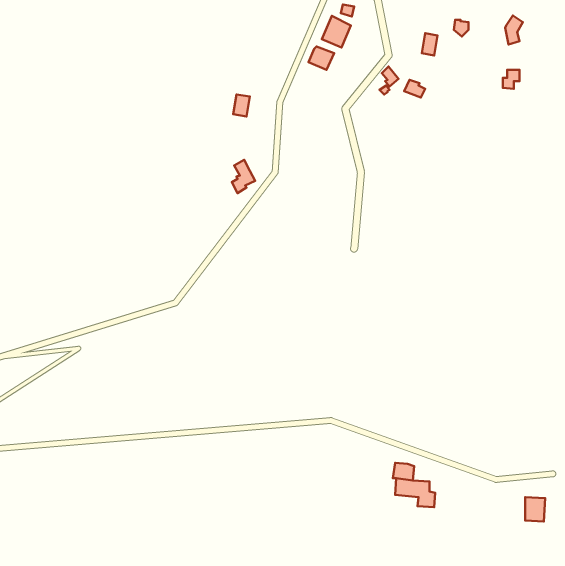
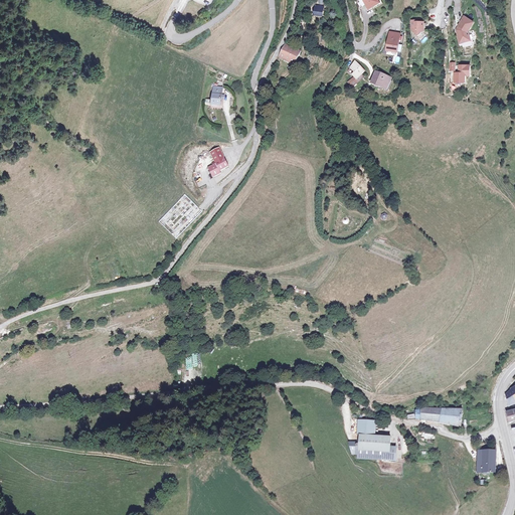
building: [322,16,351,48] -> none
building: none -> [414,405,462,427]

